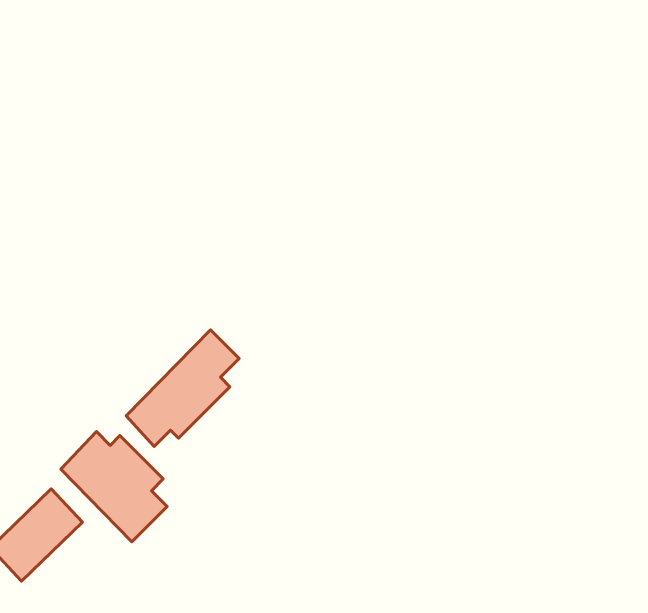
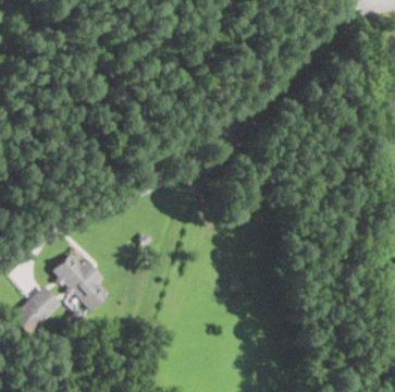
building: [126,330,239,446] -> none

